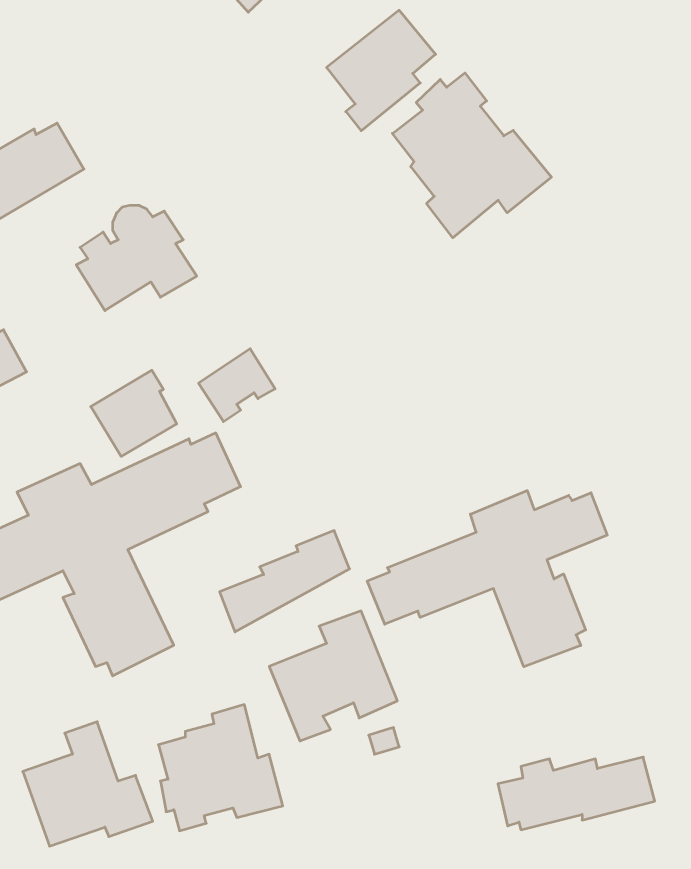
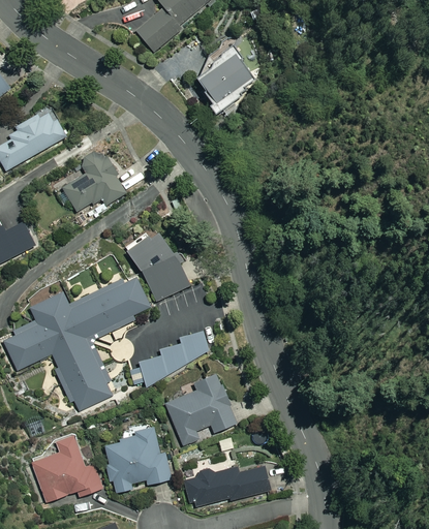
building: [392,73,551,238] -> none
building: [91,370,177,456] -> [142,254,188,301]
building: [367,491,607,667] -> none
building: [498,757,655,830] -> [184,466,269,505]

